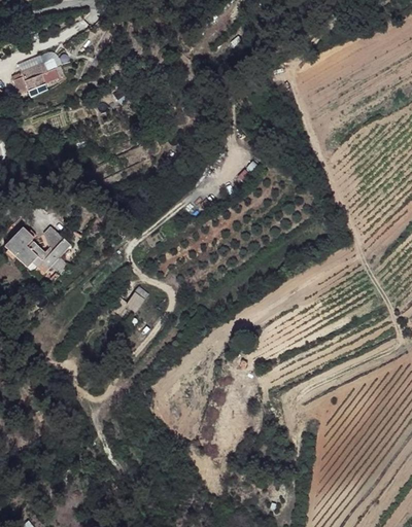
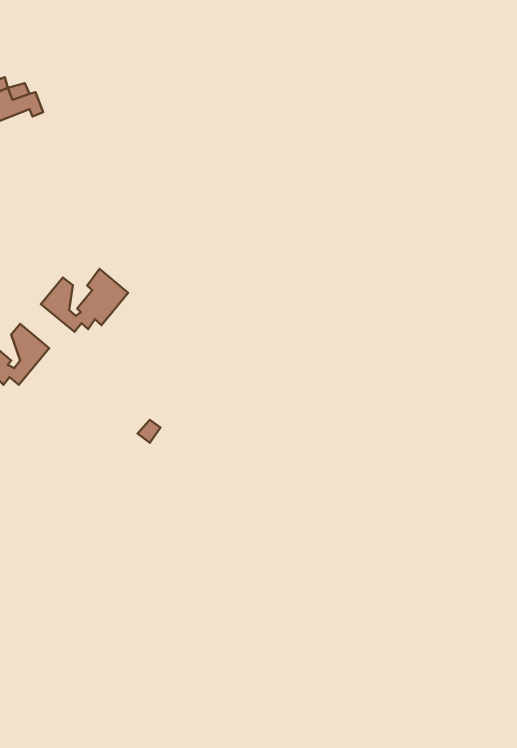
building: none -> [41,269,128,332]

